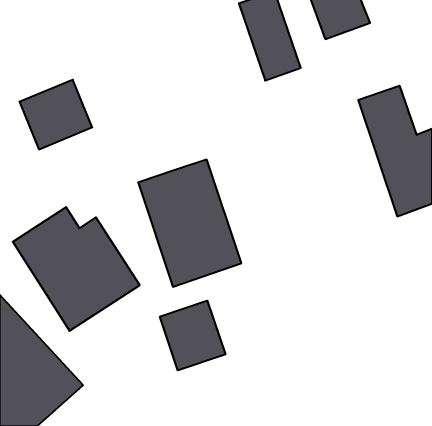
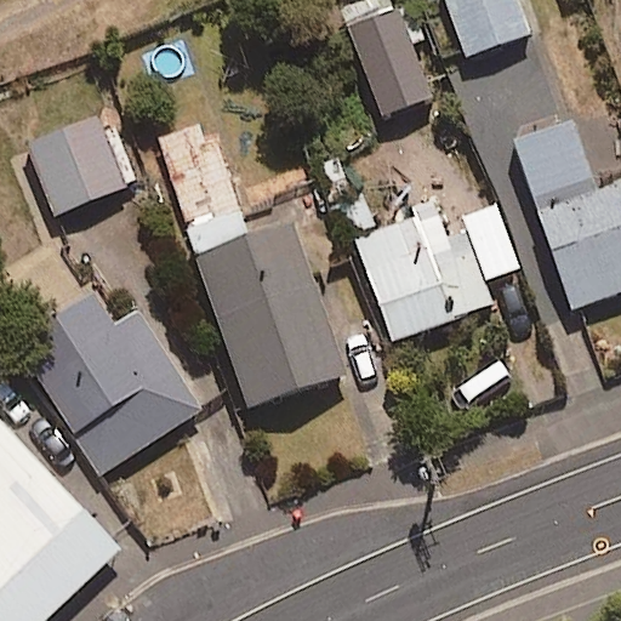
building: none -> [155,118,251,261]
building: none -> [340,193,519,342]
building: [160,301,225,370] -> none

